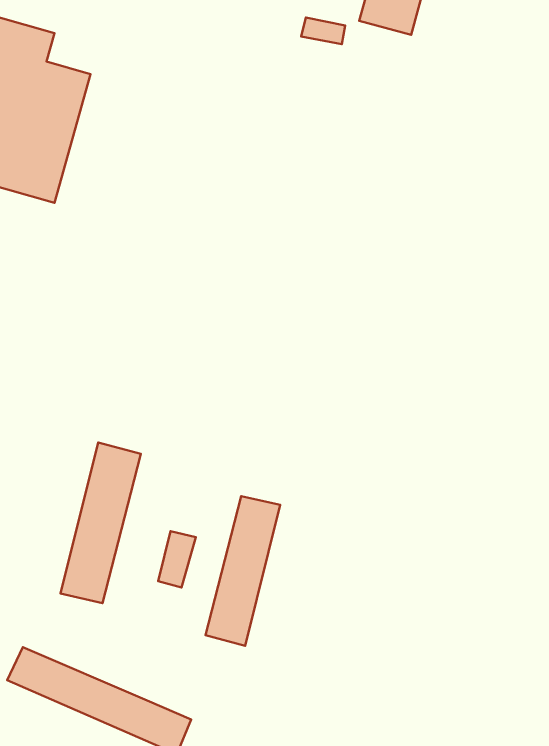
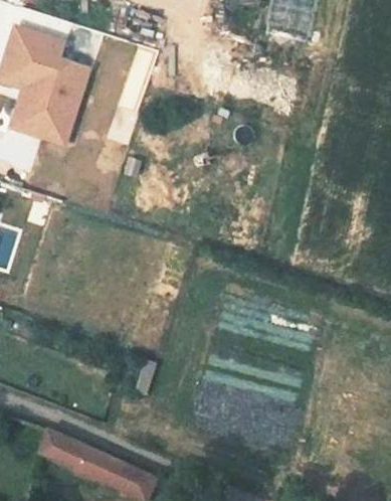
building: [60,442,141,603] -> none
building: [206,496,280,646] -> none

